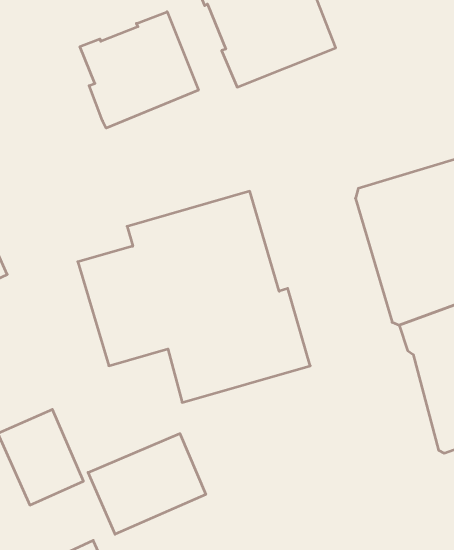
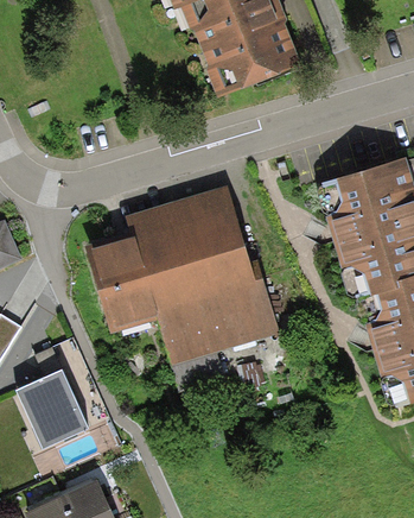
building: [80,12,198,128] -> none
building: [88,434,206,534] -> none

